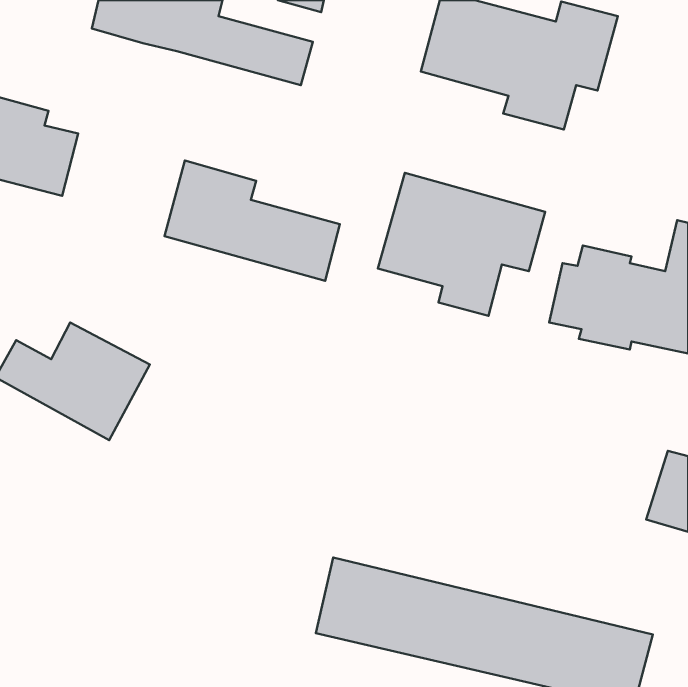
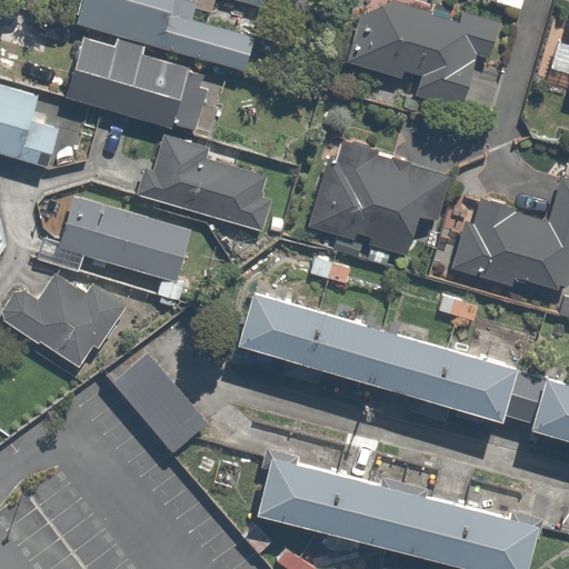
building: none -> [67,38,209,130]
building: none -> [34,194,199,281]
building: none -> [241,292,521,427]
building: none -> [106,347,204,450]

